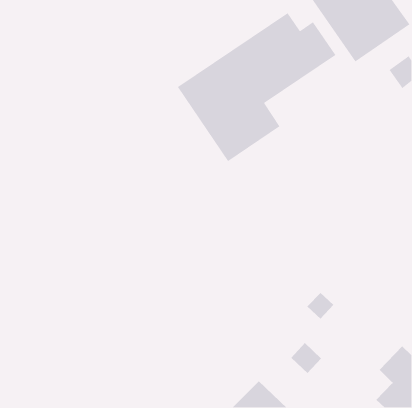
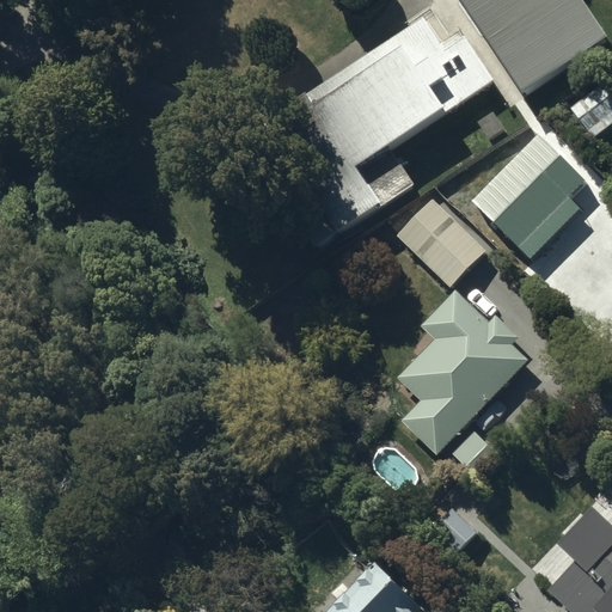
building: none -> [472,134,585,257]
building: none -> [398,201,482,282]
building: none -> [402,293,522,447]

